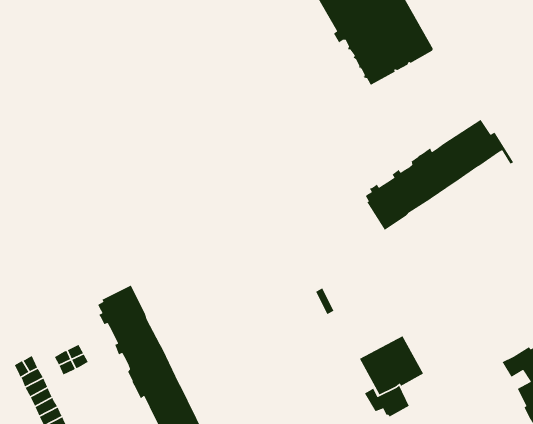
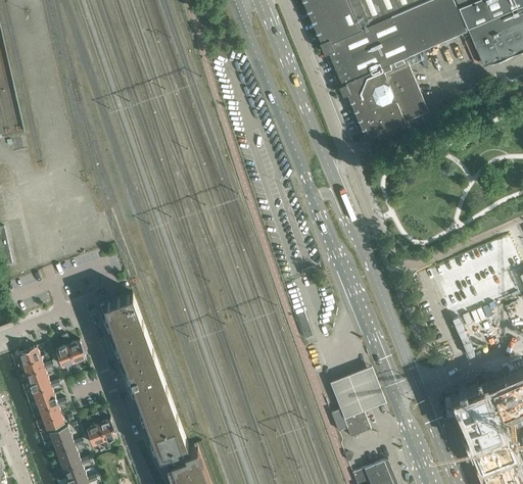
building: [365,119,514,231] -> none

